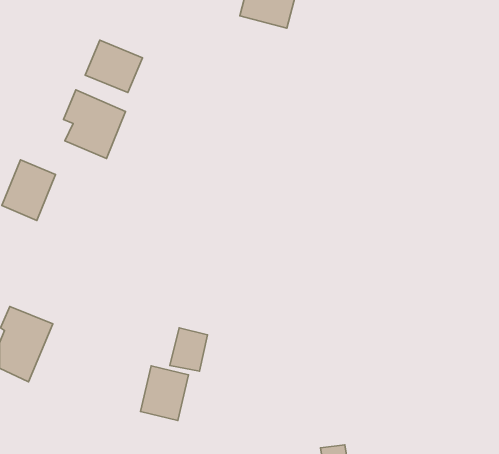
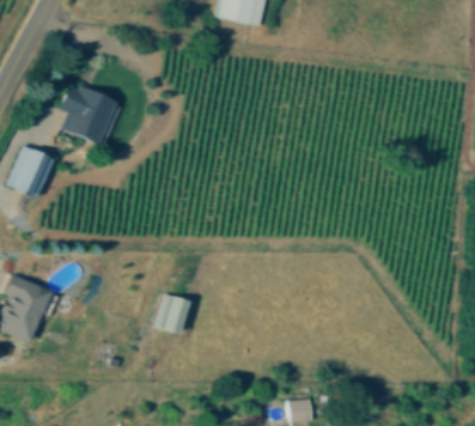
building: [85,40,143,93] -> none
building: [141,366,189,420] -> none

